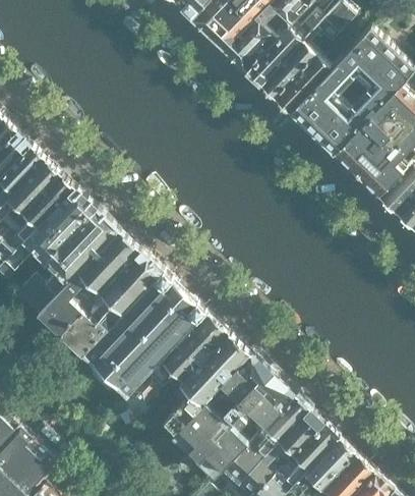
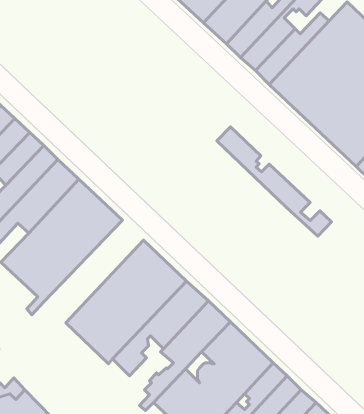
building: none -> [217,127,331,236]
building: [57,250,159,354] -> none

